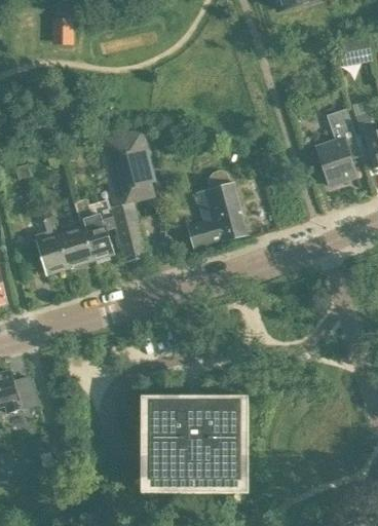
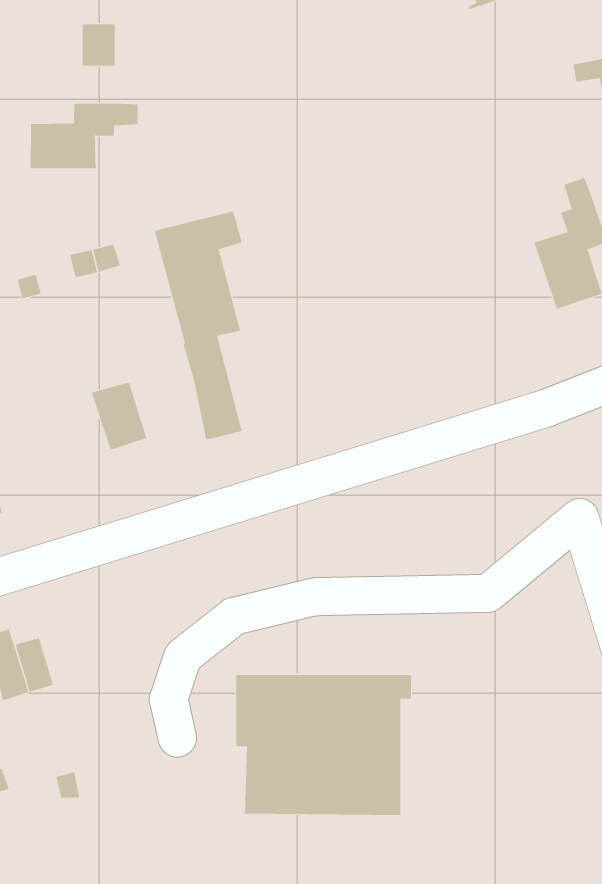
building: none -> [30,103,138,169]
building: [188,171,248,249] -> none
building: [73,197,118,260] -> none
building: [32,216,70,273] -> none

